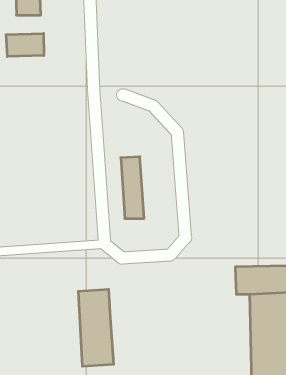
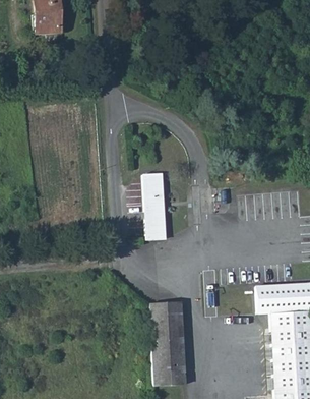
building: [6,33,44,57] -> none
building: [78,289,114,366] -> [149,308,185,386]

